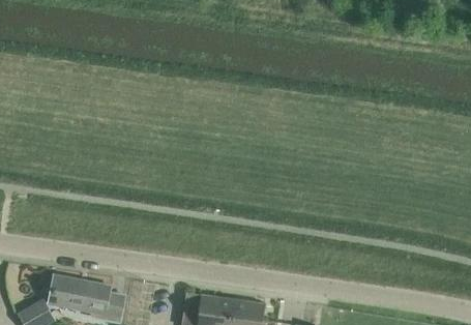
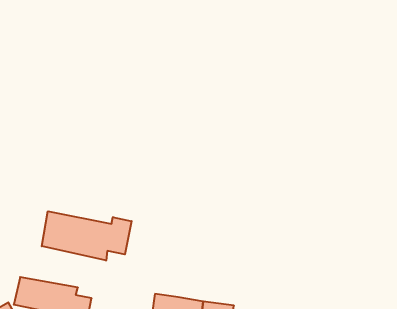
building: none -> [42,211,132,261]

